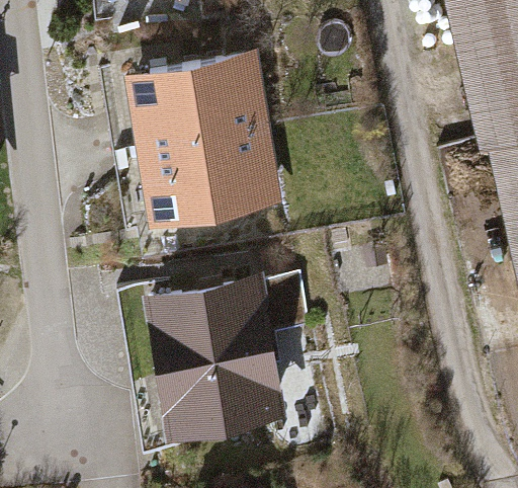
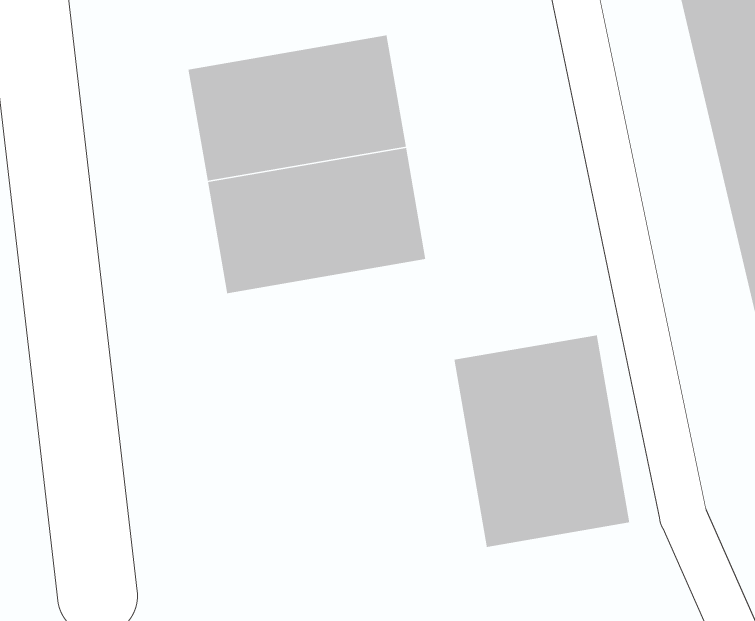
building: none -> [454,334,630,548]
building: [150,278,291,439] -> none

